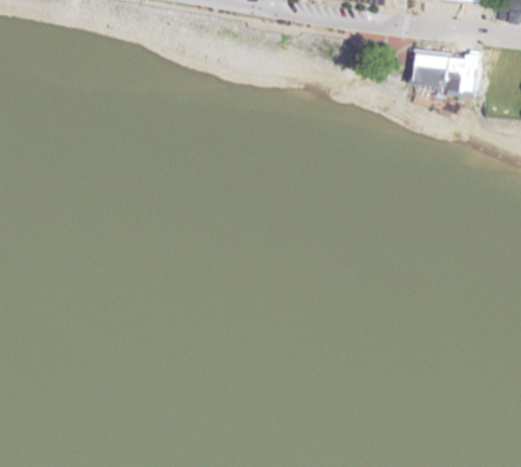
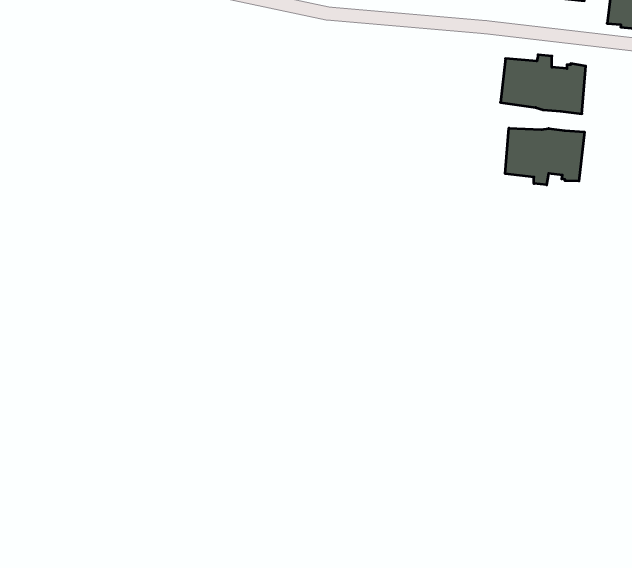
building: none -> [505,128,584,185]

